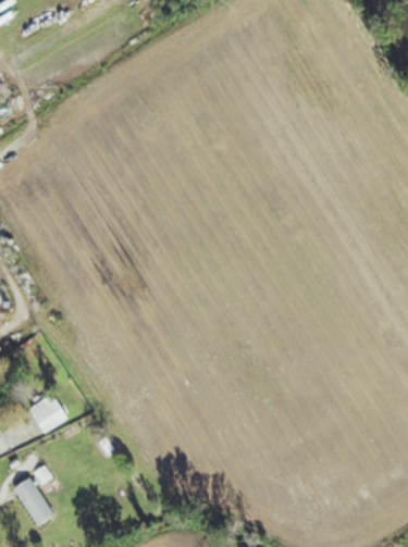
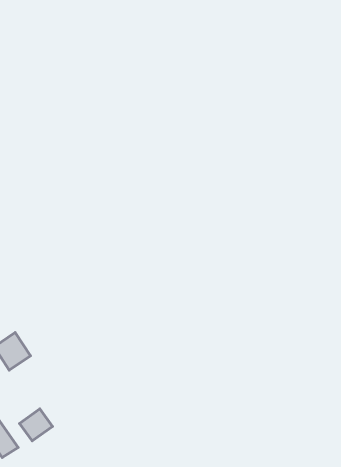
building: none -> [19,409,53,441]

